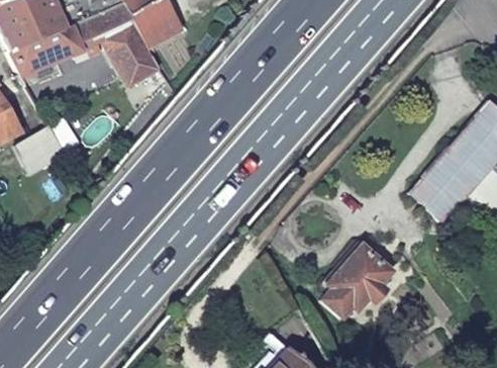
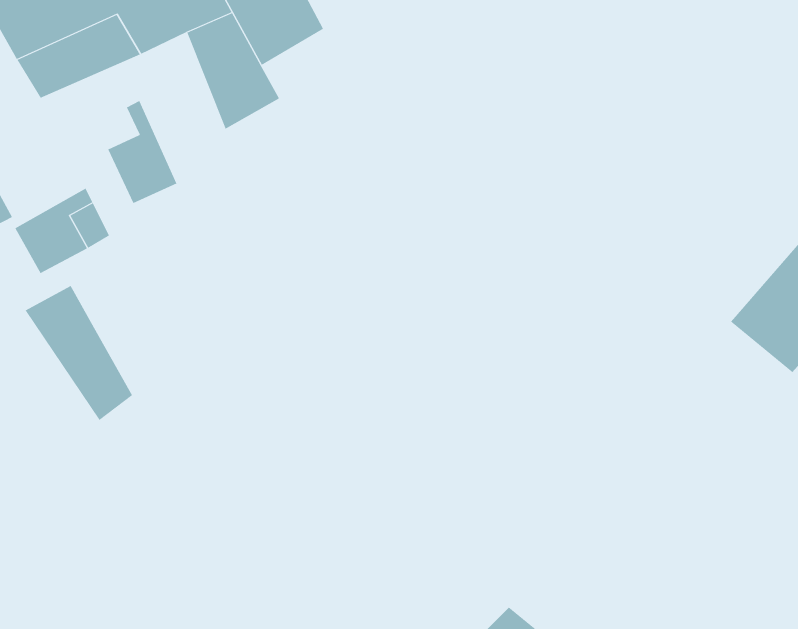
building: none -> [107,100,177,204]
building: none -> [25,285,133,421]
building: [320,249,391,323] -> none

